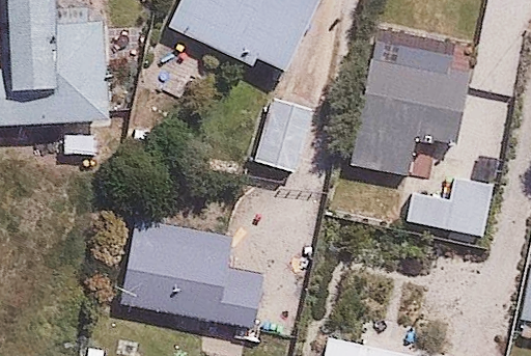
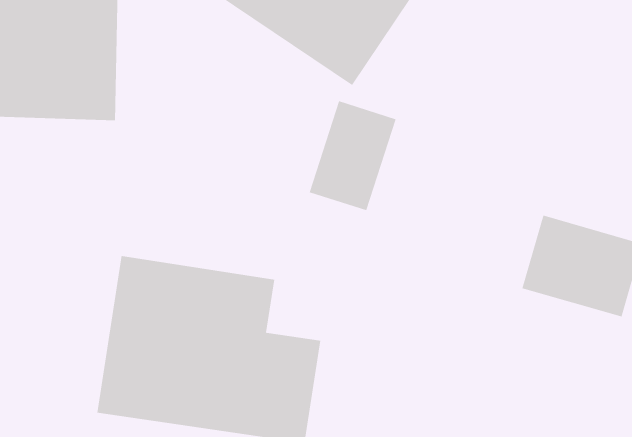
building: [346,58,464,169] -> none

